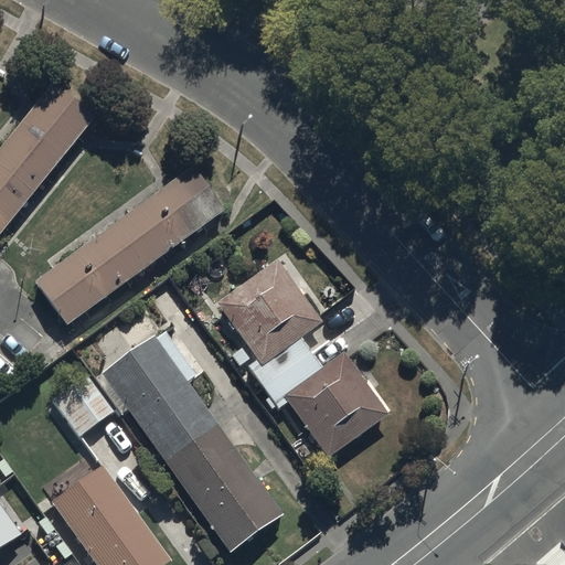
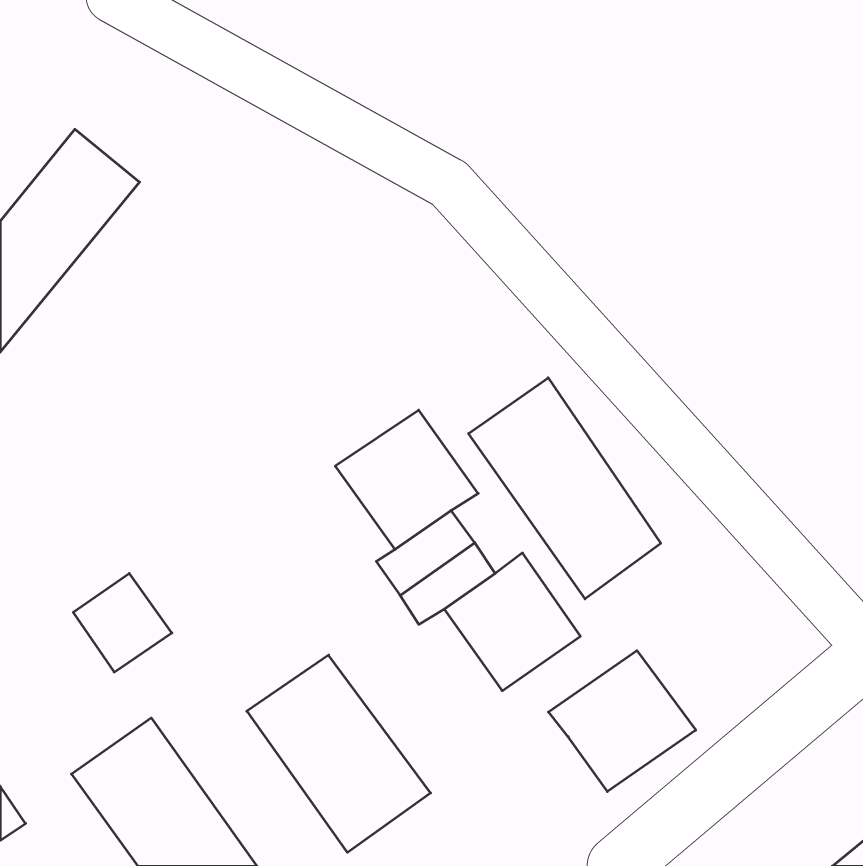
building: [34,168,218,324] -> none
building: none -> [469,378,661,599]
building: [102,335,217,461] -> none
building: none -> [548,651,696,792]

